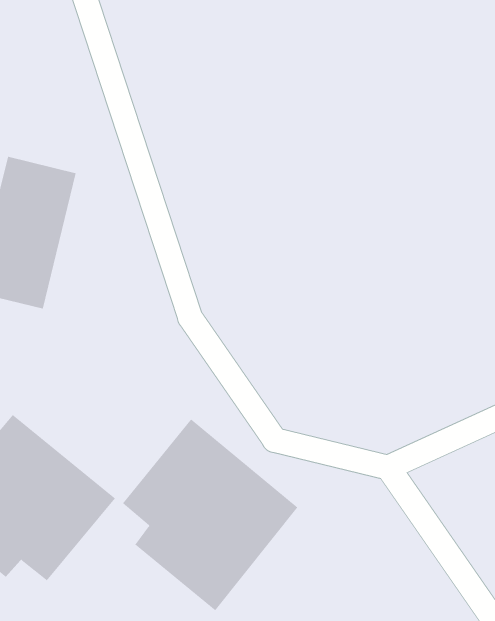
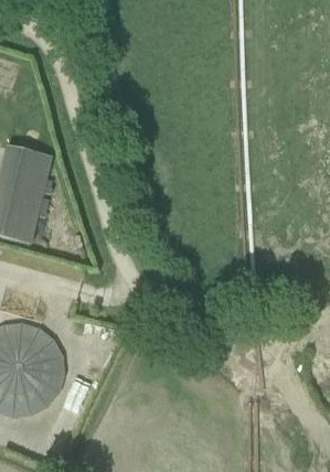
building: [122,419,298,611] -> none

